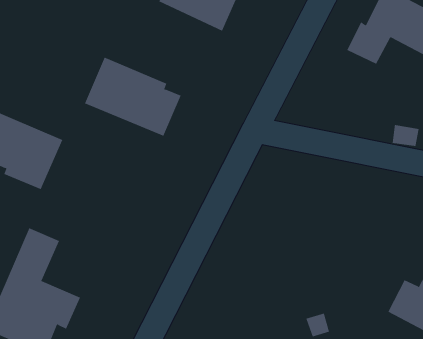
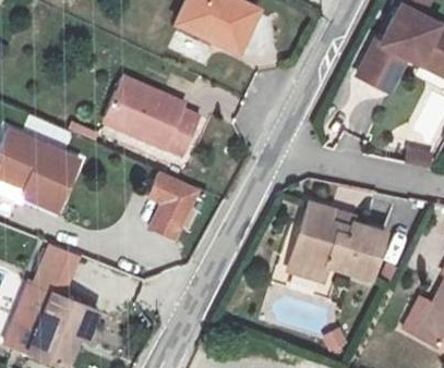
building: none -> [147,174,199,242]
building: none -> [286,195,393,285]

